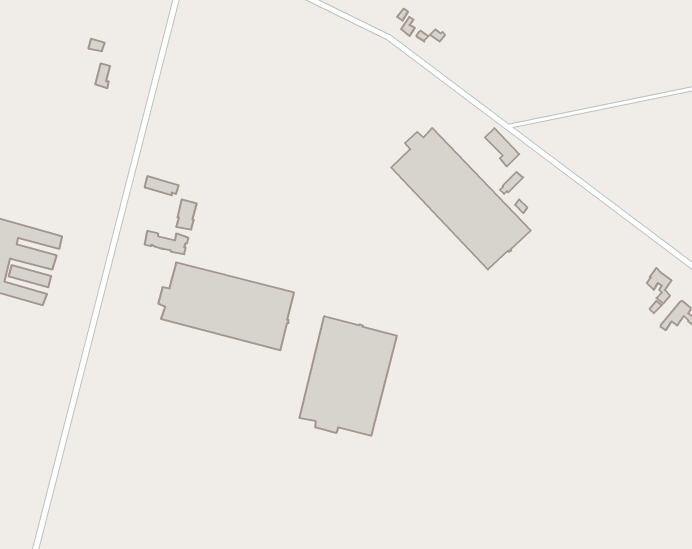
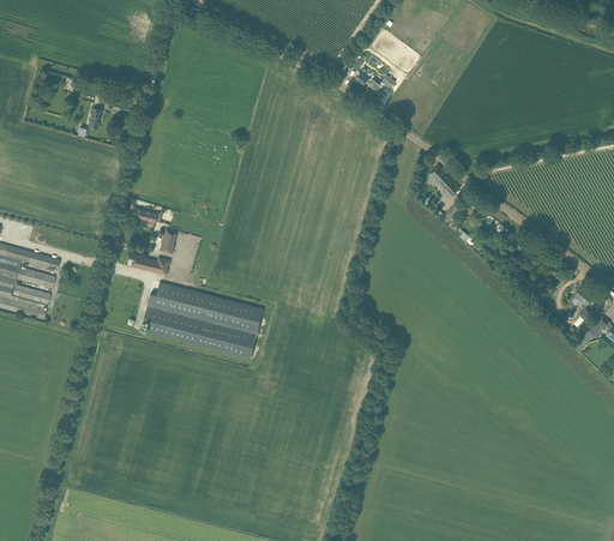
building: [391,128,531,270] -> none
building: [300,316,397,436] -> none

